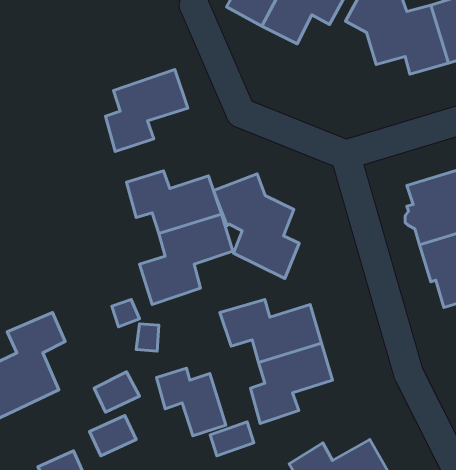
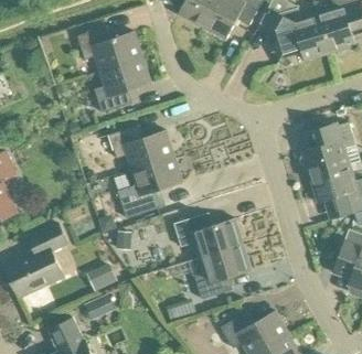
building: none -> [77,26,142,71]
building: [214,174,299,278] -> none
building: [156,368,226,436] -> none

